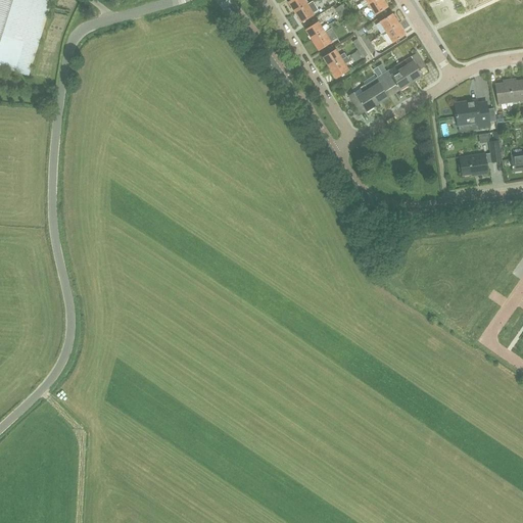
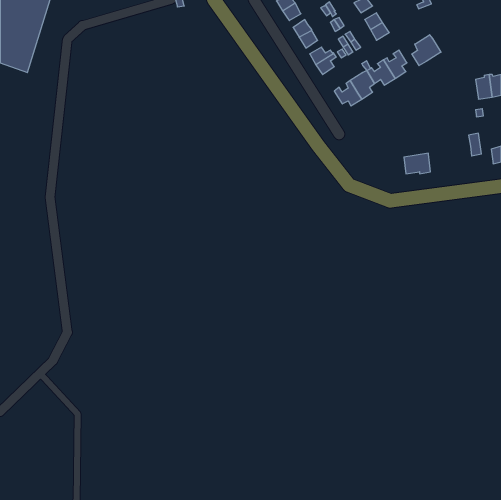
building: none -> [412,35,441,66]
building: [455,98,489,127] -> none
building: [460,152,487,174] -> [404,153,430,174]

